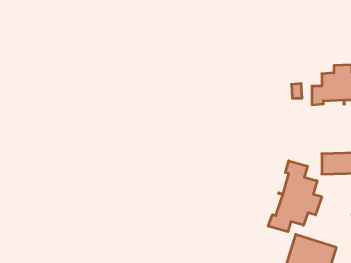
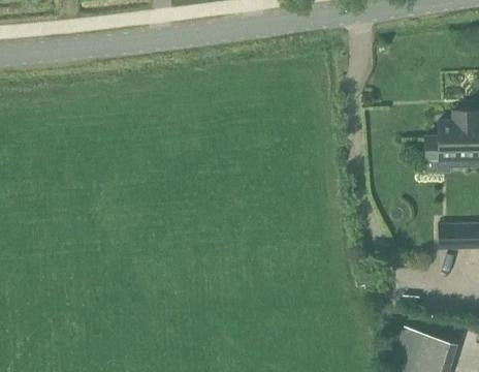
building: [268,161,322,232] -> none

